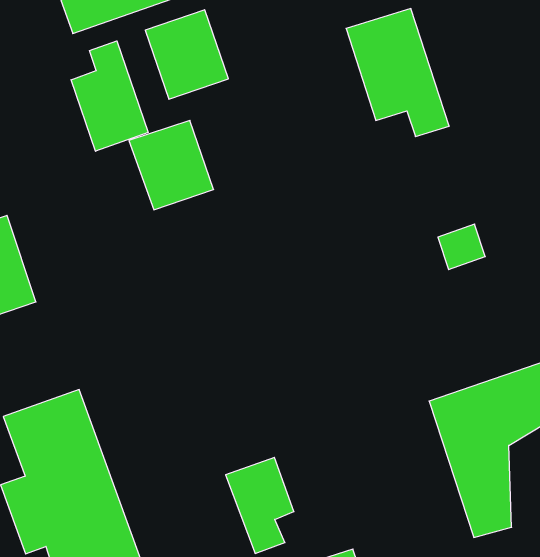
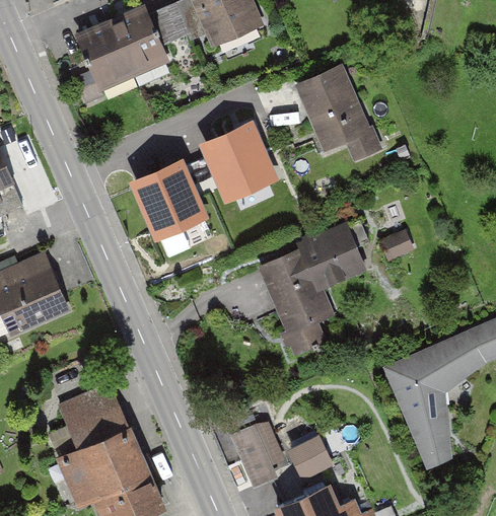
building: [145,10,228,99] -> [206,127,273,198]
building: [71,41,148,151] -> none
building: none -> [260,216,370,365]
building: none -> [288,435,333,481]

